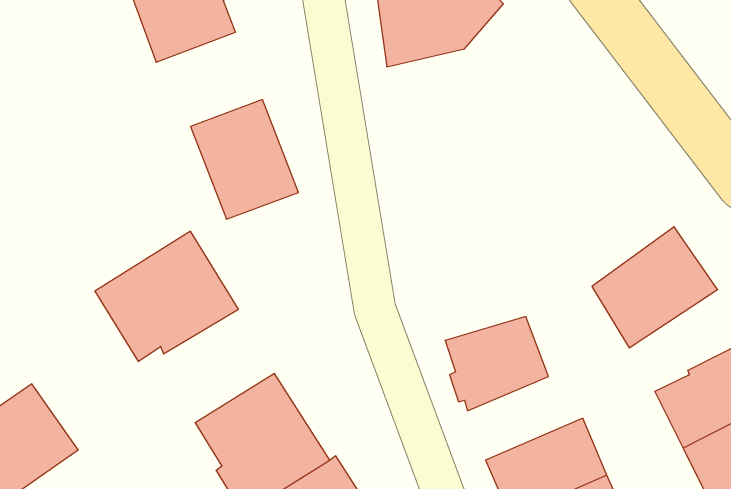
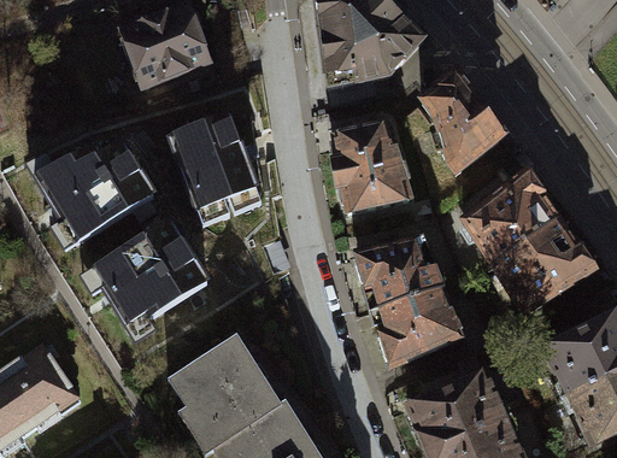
building: none -> [419,75,501,171]
building: none -> [331,123,411,212]
building: none -> [35,145,153,243]
building: none -> [463,171,559,265]
building: none -> [354,239,440,309]

